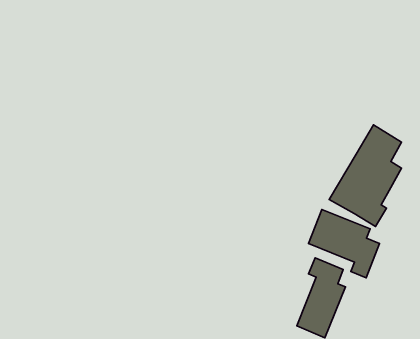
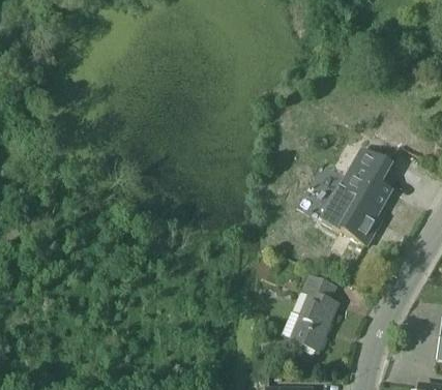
building: [309,209,380,278] -> none

